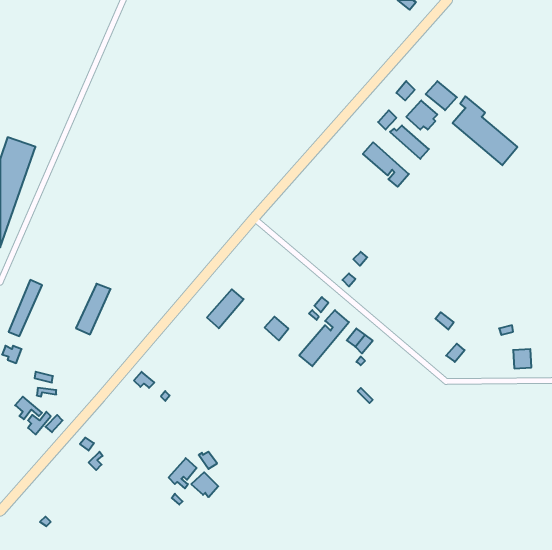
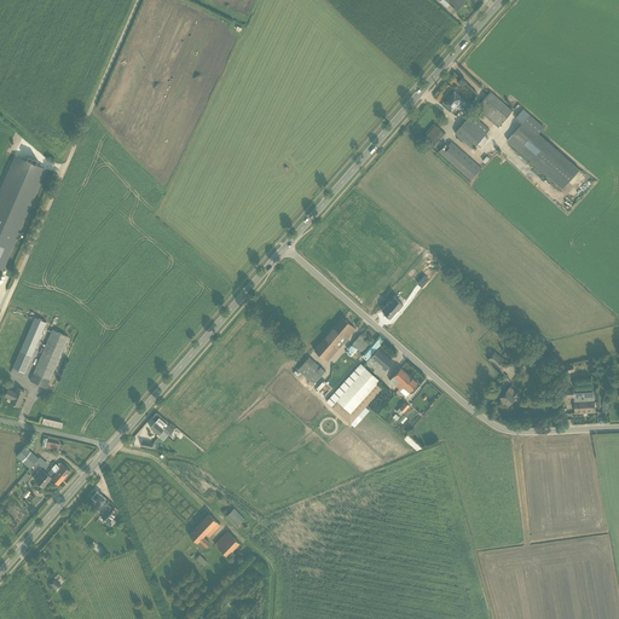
building: [363,142,409,187] -> none
building: [76,284,111,334] -> [30,331,69,388]
building: [207,289,244,328] -> [313,319,354,363]

